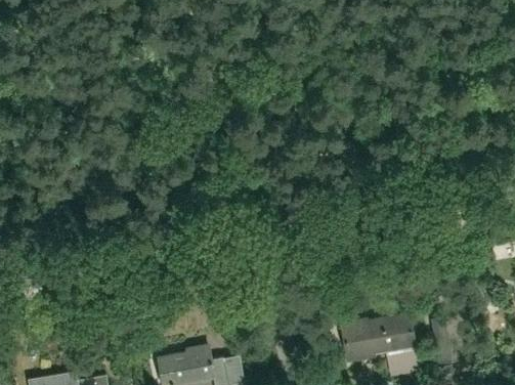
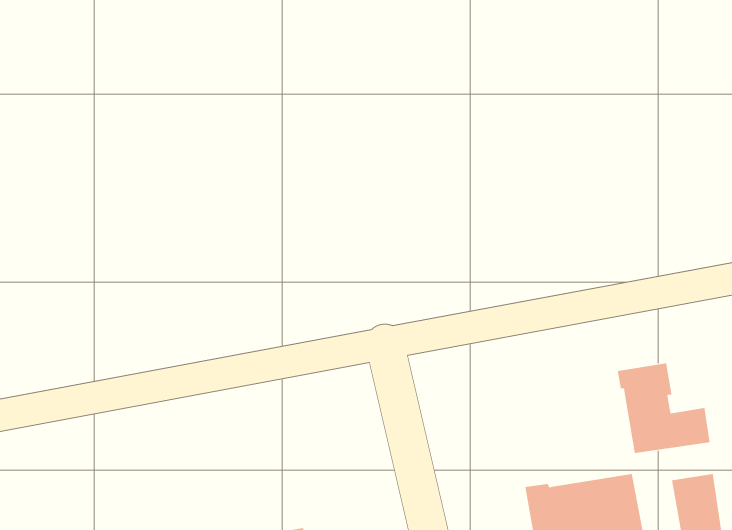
building: none -> [617,363,710,454]

